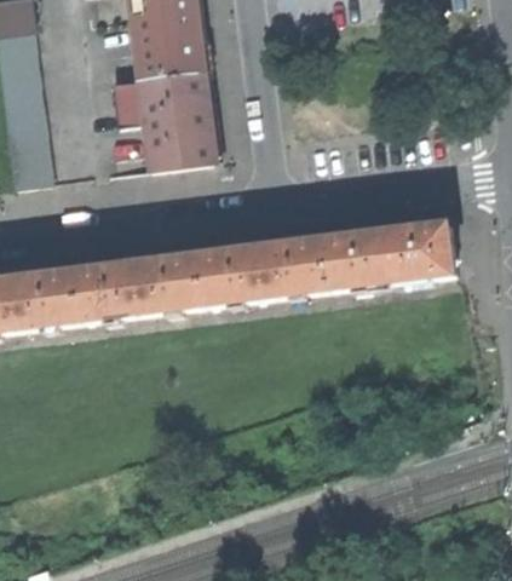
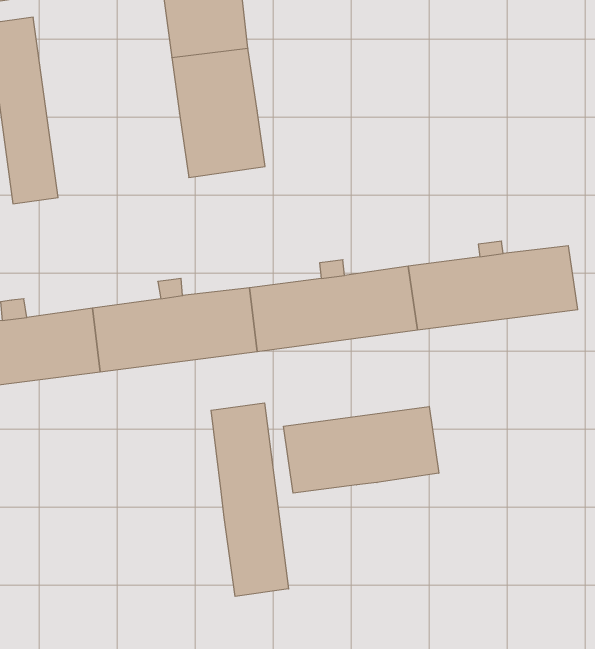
building: [115,75,148,122] -> none
building: none -> [211,403,289,596]
building: none -> [284,406,439,493]

